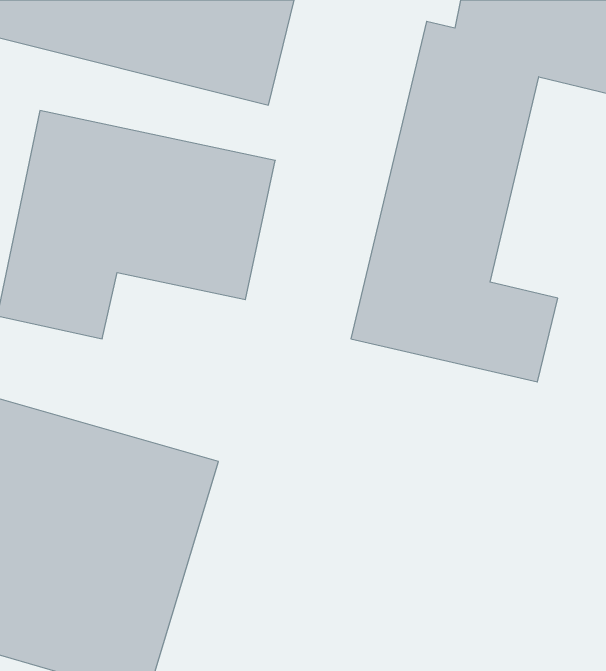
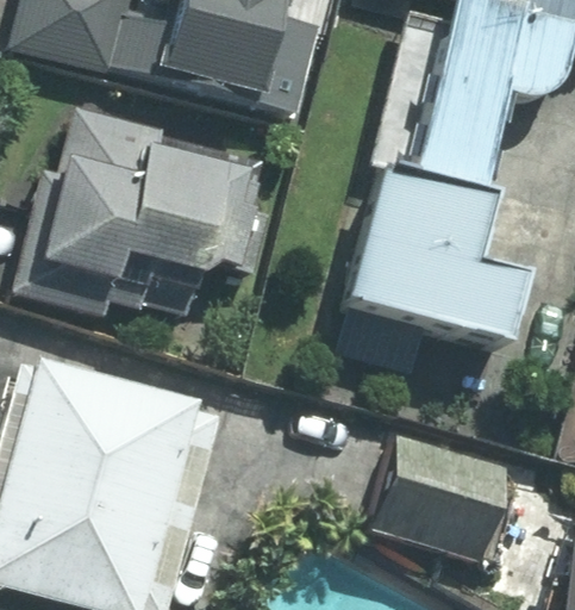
building: none -> [374,432,521,565]

